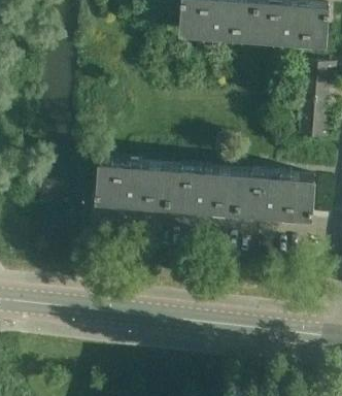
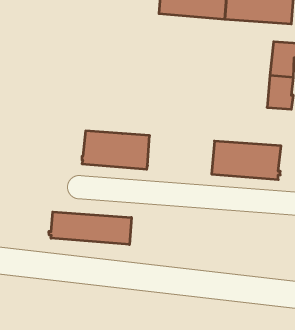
building: [165,171,239,213] -> none
building: none -> [49,212,131,245]

